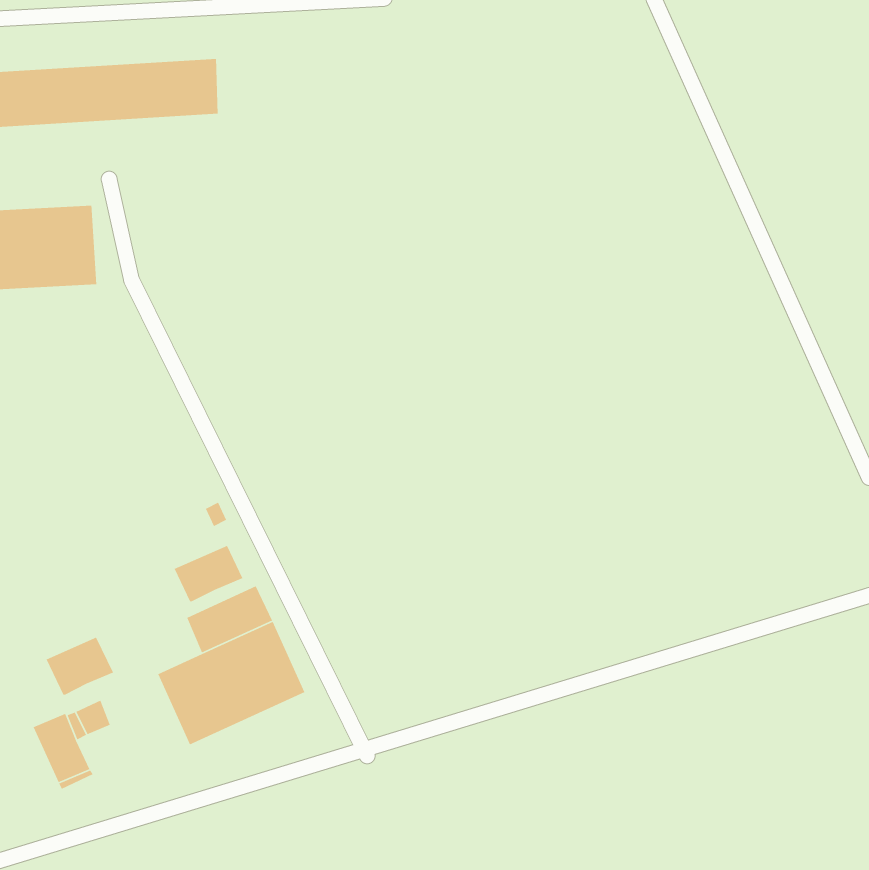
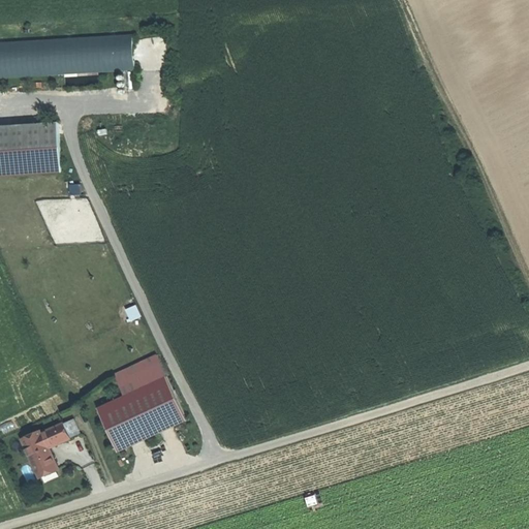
building: [174,545,244,602] -> none
building: [45,636,114,696] -> none

